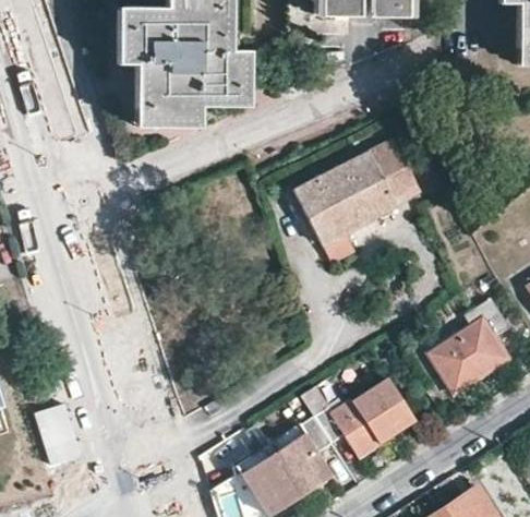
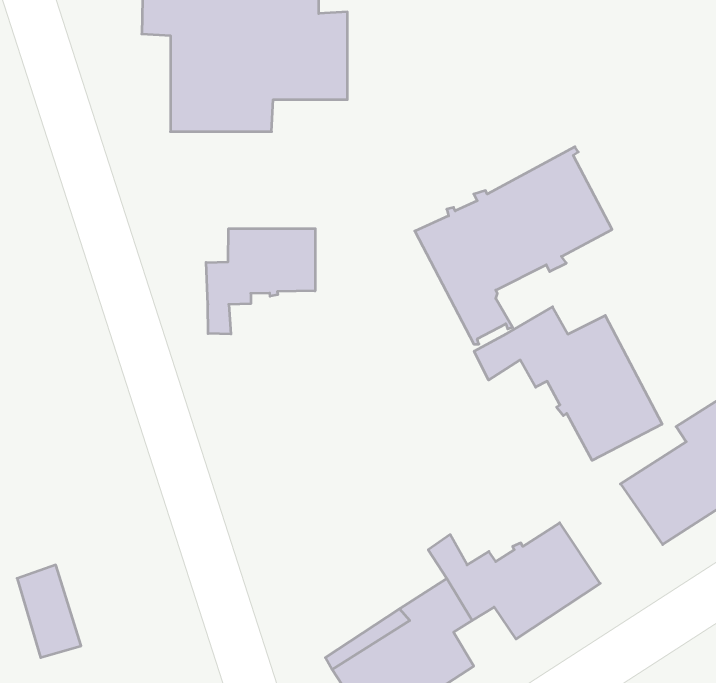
building: none -> [206,229,315,334]
building: none -> [474,307,662,460]

